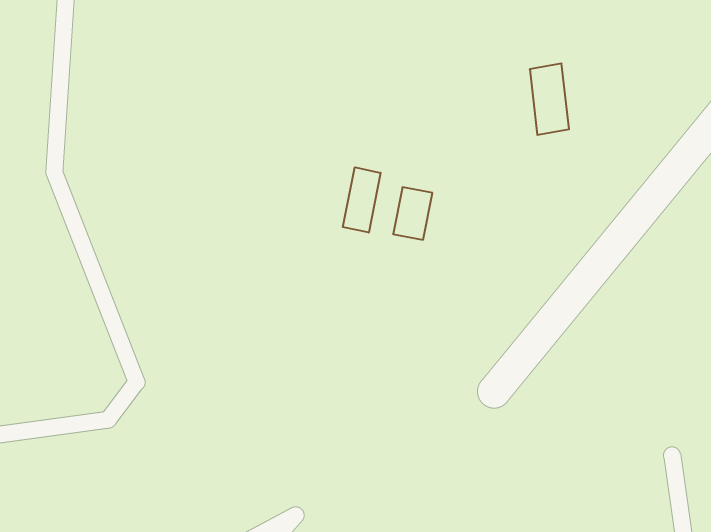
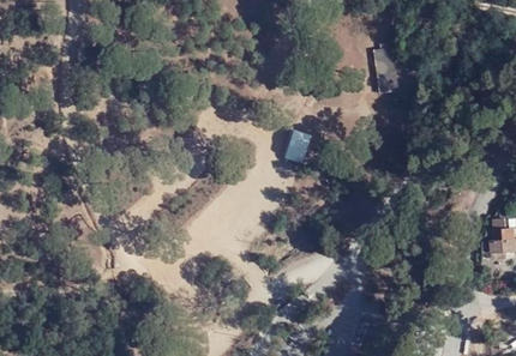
building: [343,167,381,233] -> none

